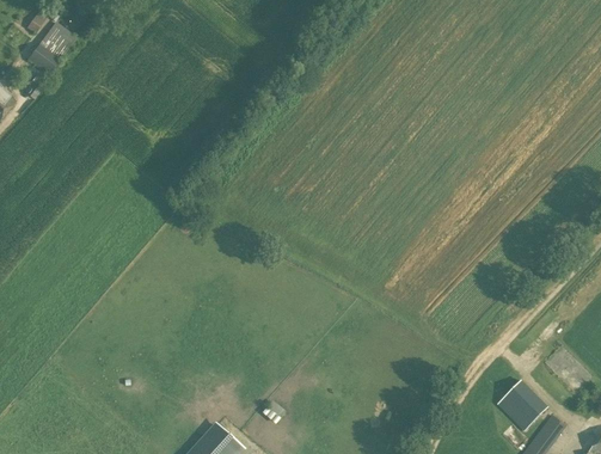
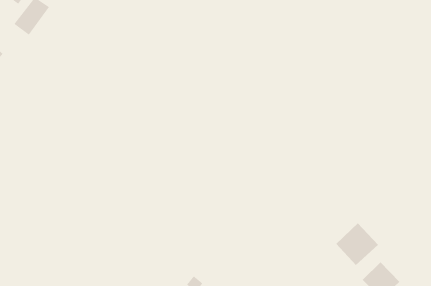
building: none -> [336,223,379,266]

